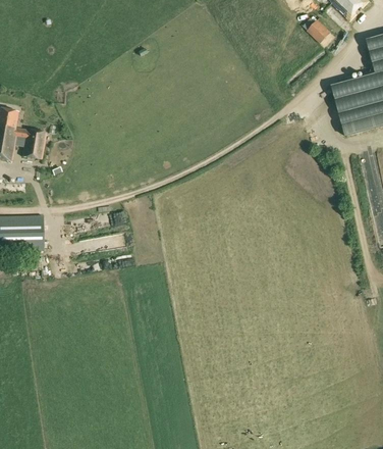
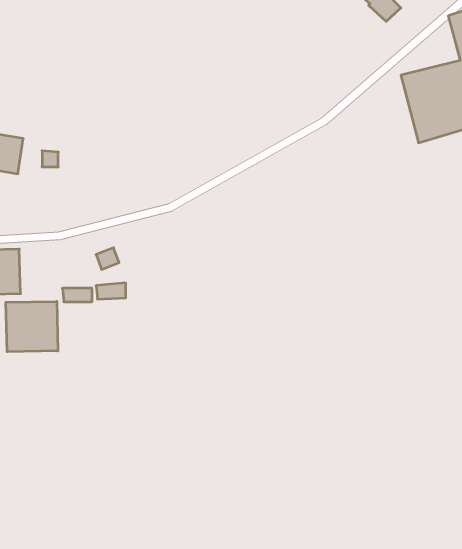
building: none -> [6,301,58,352]

